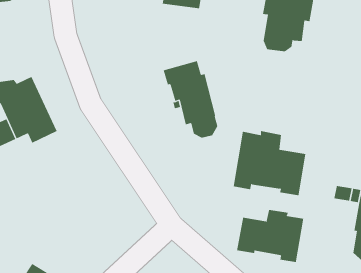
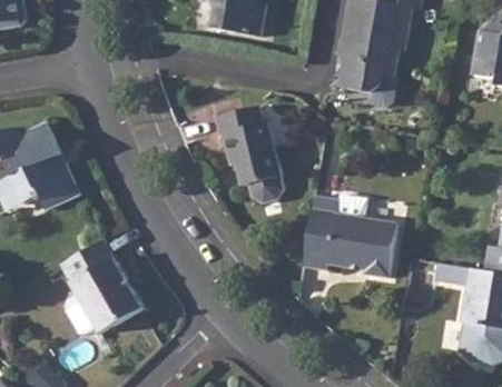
building: none -> [59,241,141,333]
building: [237,209,304,263] -> none

